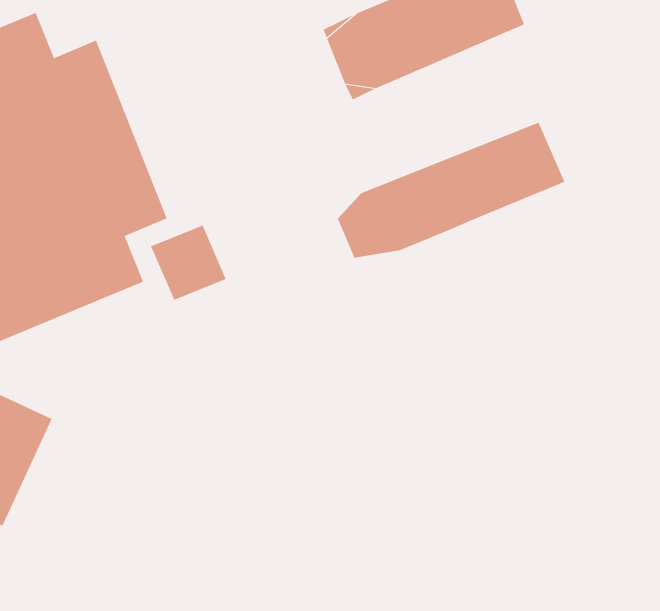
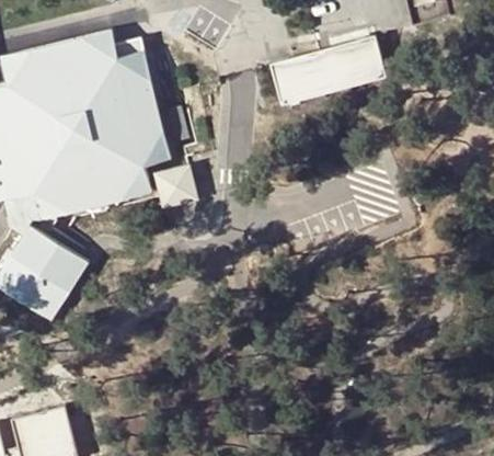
building: [337,122,565,258] -> none

